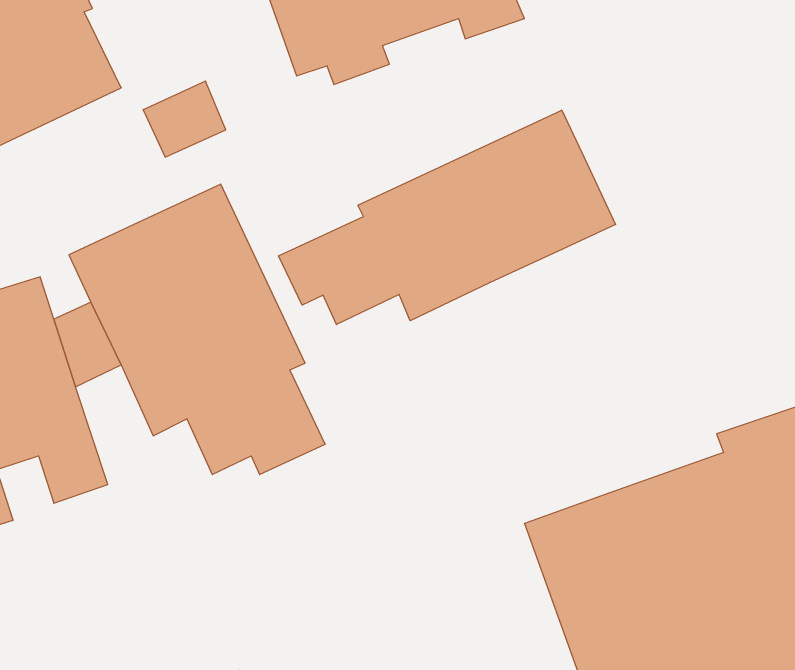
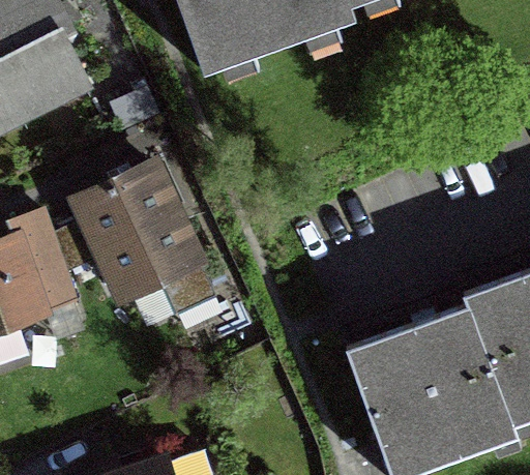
building: [279,110,616,325] -> none

